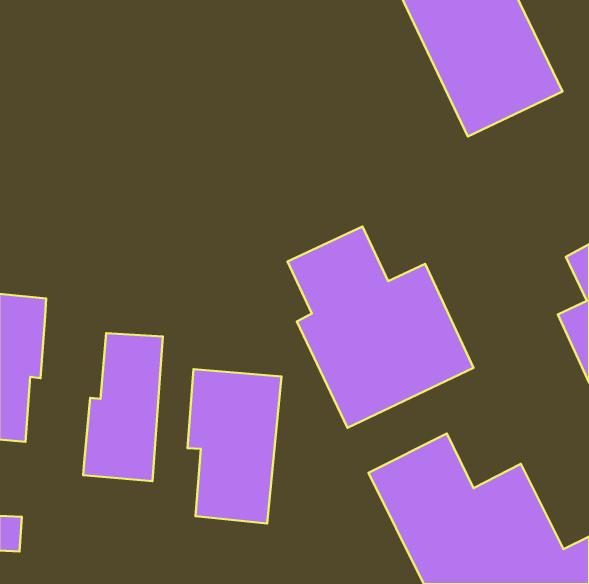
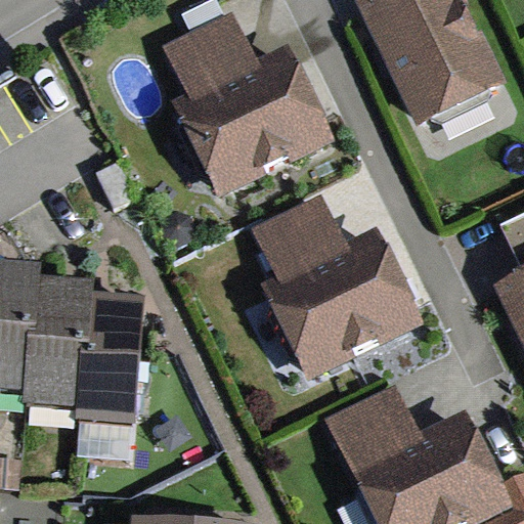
building: none -> [160,8,337,202]
building: none -> [21,279,95,409]
building: [188,369,281,523] -> none

